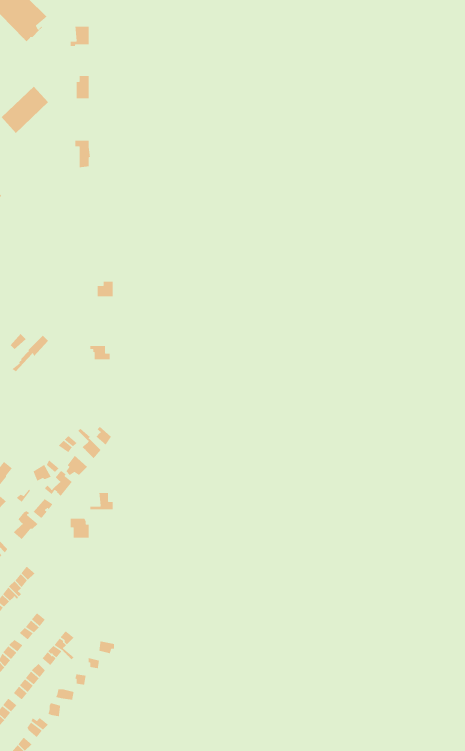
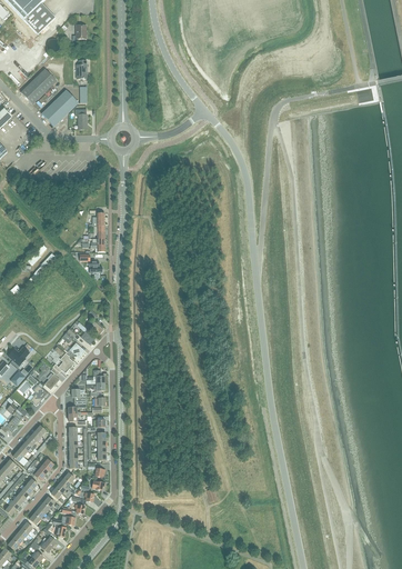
building: none -> [42,89,79,126]

